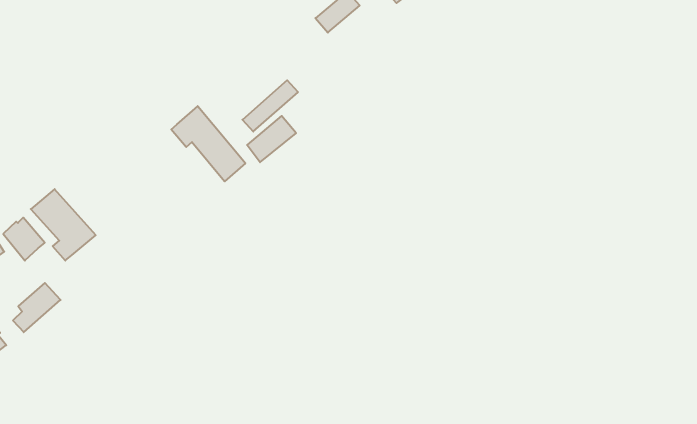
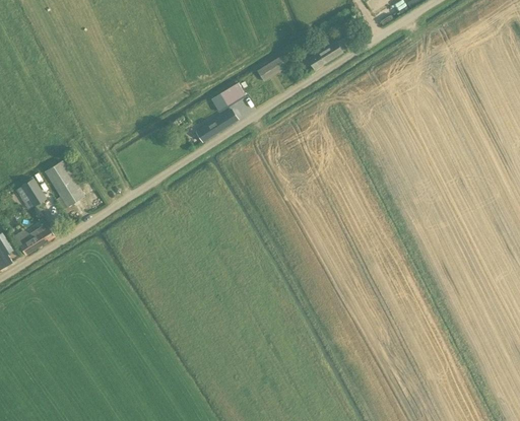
building: [171,106,245,181] -> none
building: [247,116,296,162] -> [209,82,244,112]

